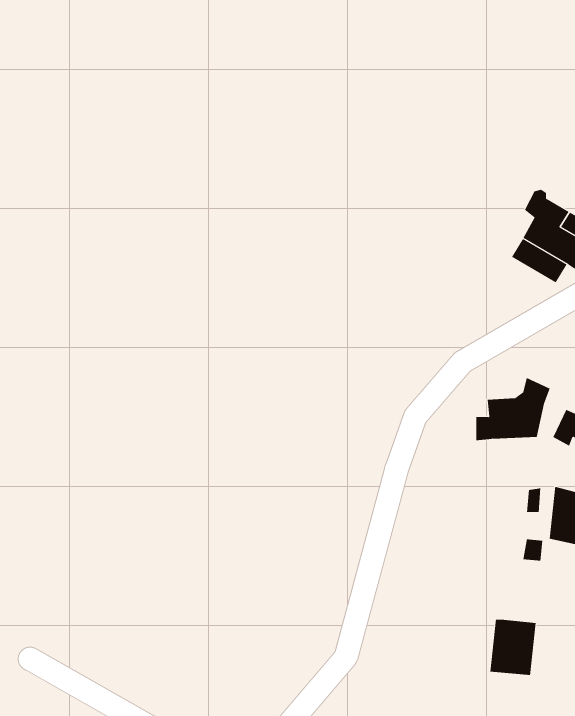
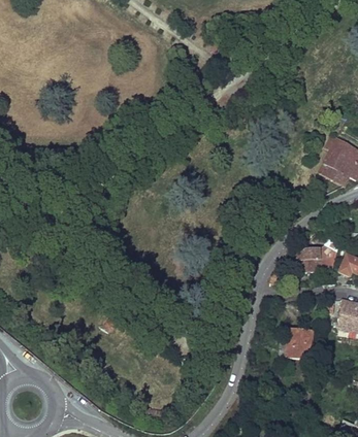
building: [490,619,537,676] -> [287,326,313,357]

